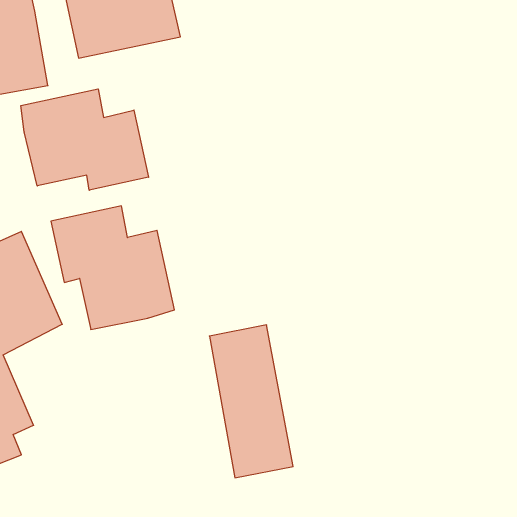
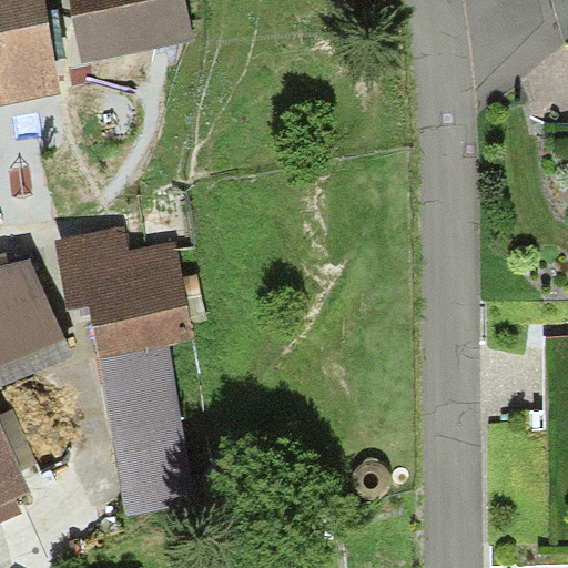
building: [21,89,149,190] -> none
building: [209,325,293,478] -> [99,346,190,513]

